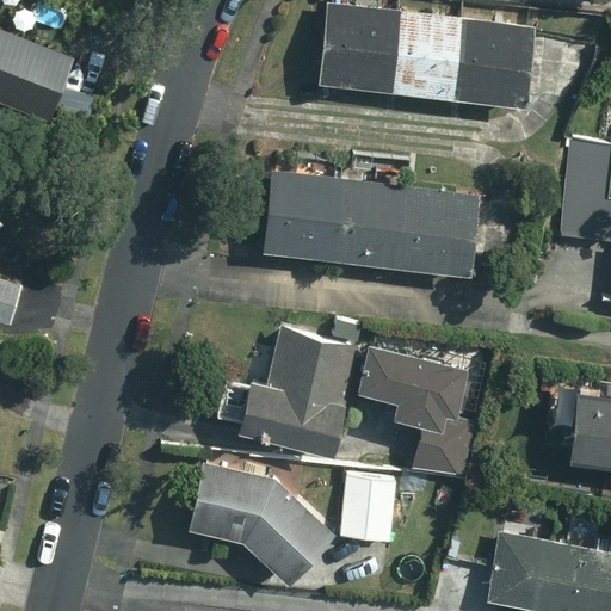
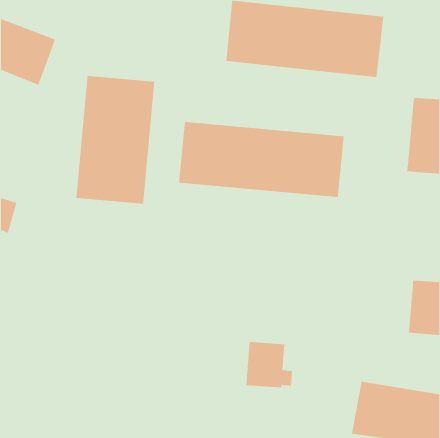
building: none -> [76,75,155,204]
building: [217,322,471,473] -> none
building: [190,467,335,582] -> none

